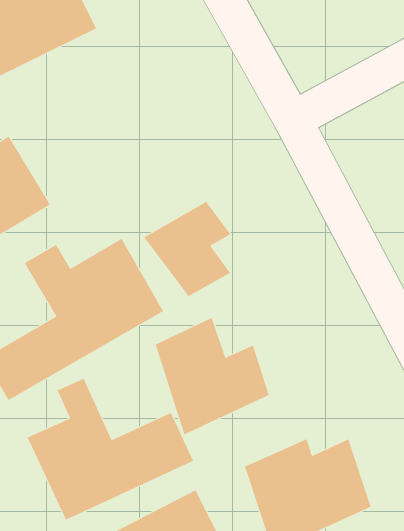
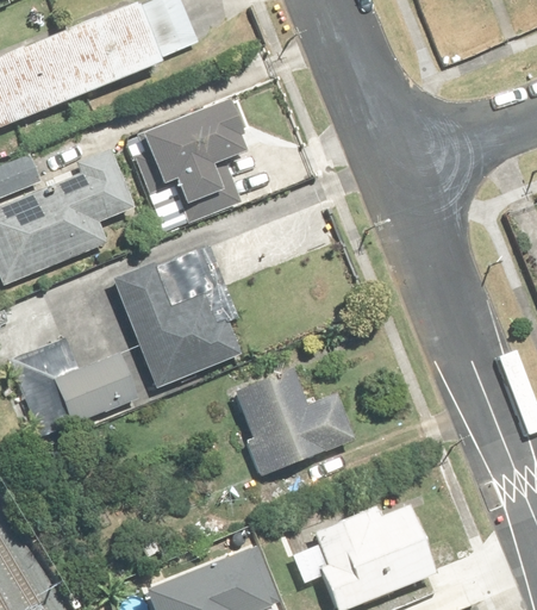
building: none -> [136,91,254,230]
building: [143,201,231,297] -> none
building: [27,378,194,521] -> none

